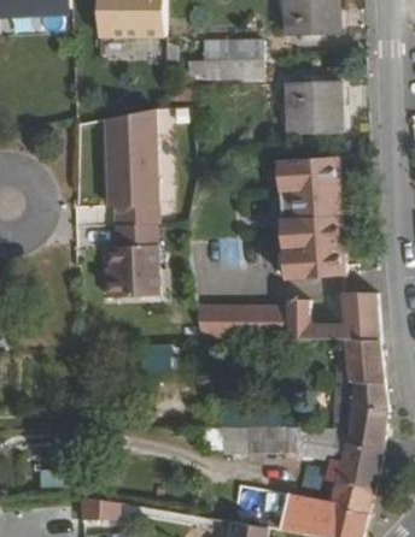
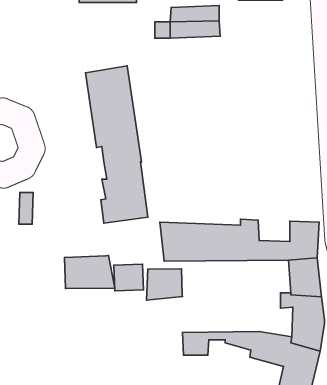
building: [285,81,338,132] -> none
building: [281,155,347,279] -> none
building: none -> [64,255,115,288]
building: none -> [146,269,182,300]

